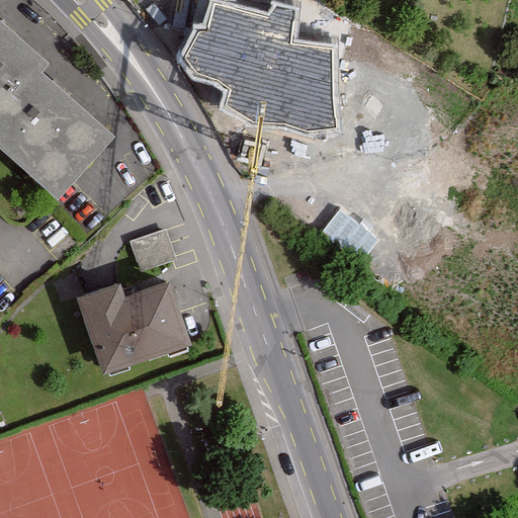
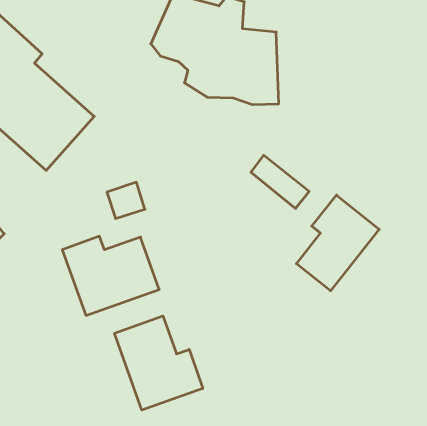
building: none -> [296,195,379,291]
building: none -> [115,316,203,410]

